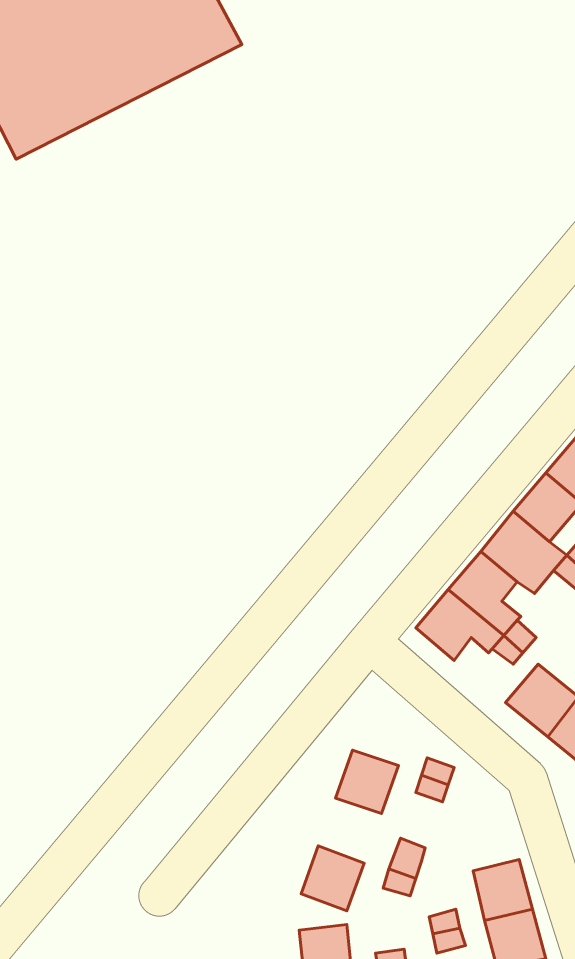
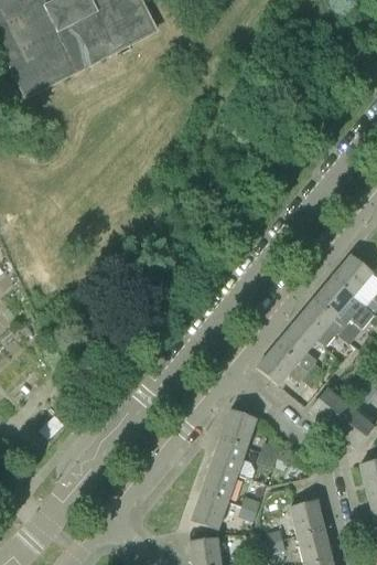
building: none -> [220,409,256,446]
building: none -> [201,465,237,502]

